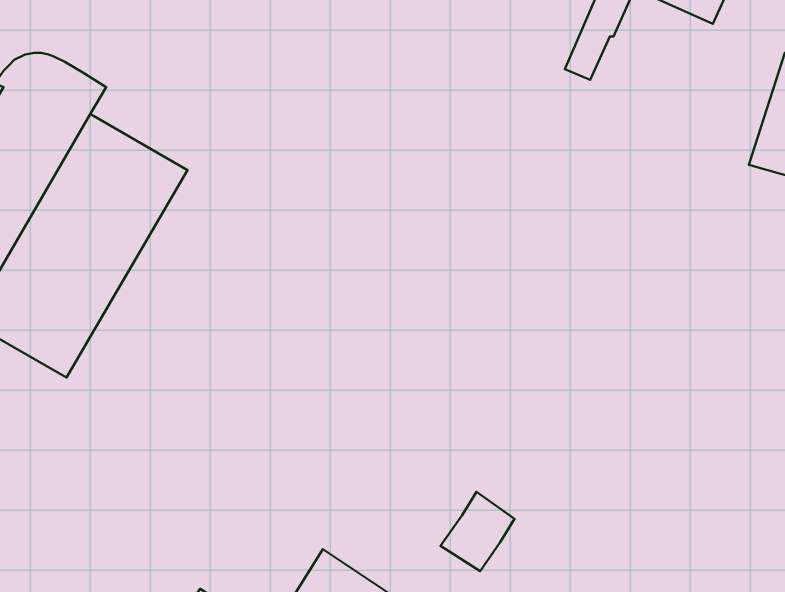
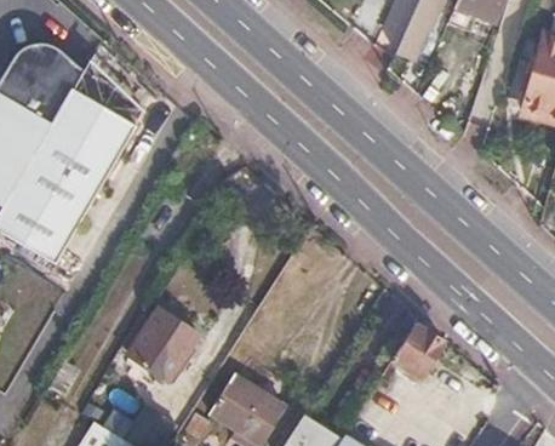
building: none -> [137,309,204,378]
building: [440,492,514,571] -> [390,326,440,379]

